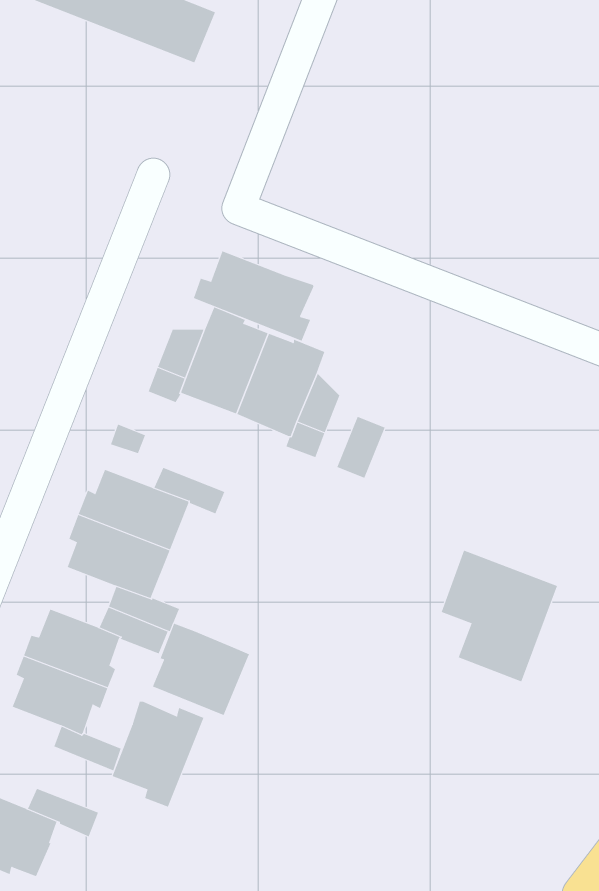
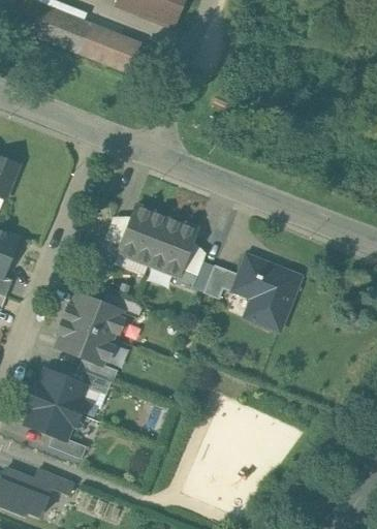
building: [193,250,314,342] -> none
building: [441,550,558,682] -> [233,256,297,329]
building: [152,623,250,716] -> none
building: [112,701,204,808] -> none

